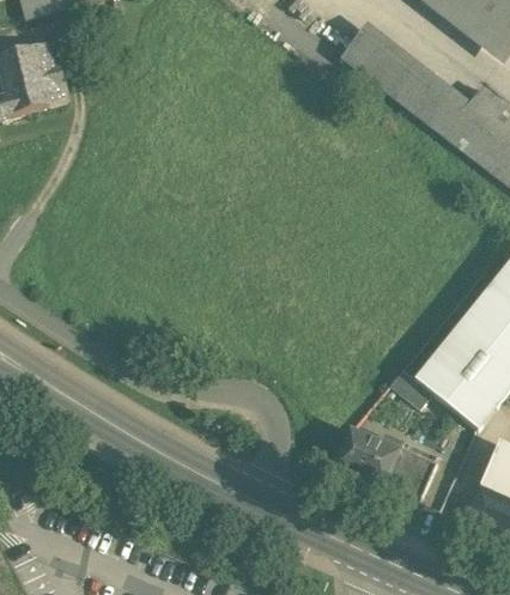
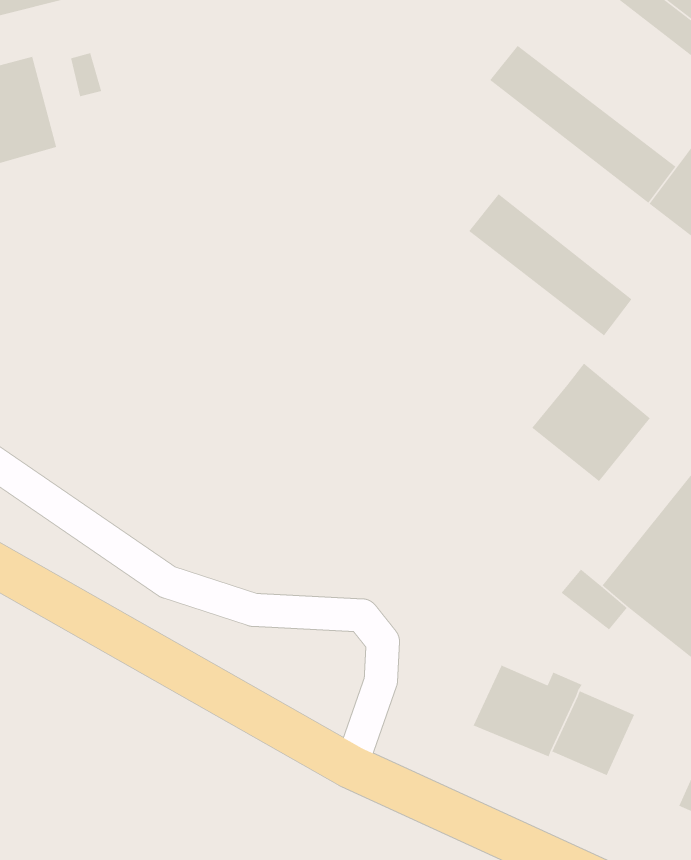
building: none -> [468,193,633,336]
building: none -> [531,362,651,482]

